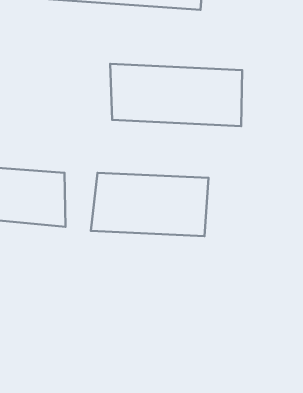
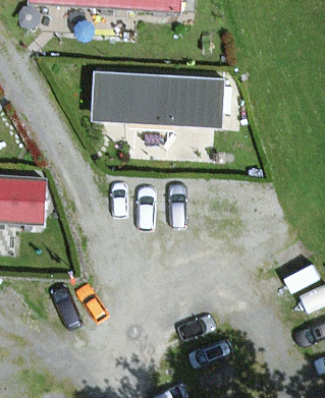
building: [91,173,209,236] -> none

